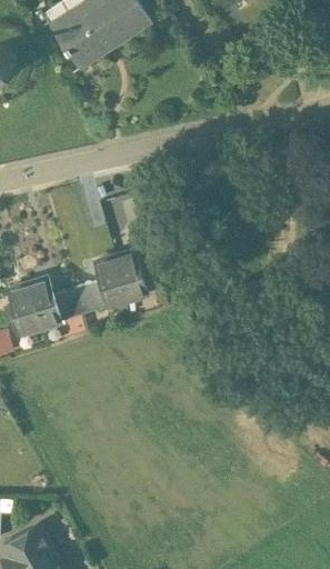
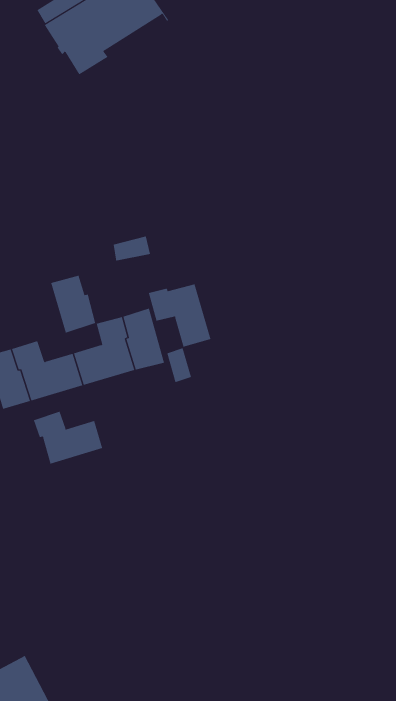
building: none -> [50,275,96,334]
building: none -> [148,283,211,347]
building: none -> [33,411,103,465]

